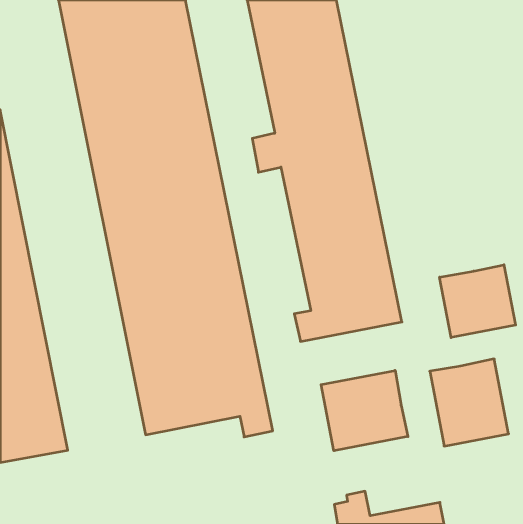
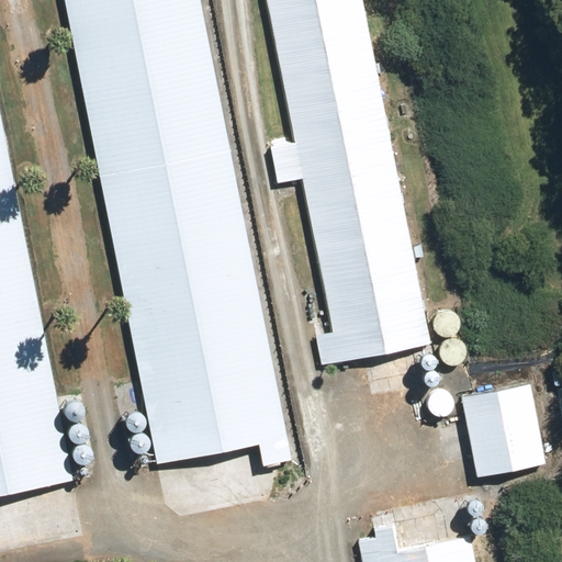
building: [440,265,516,338] -> none
building: [321,370,408,451] -> none

